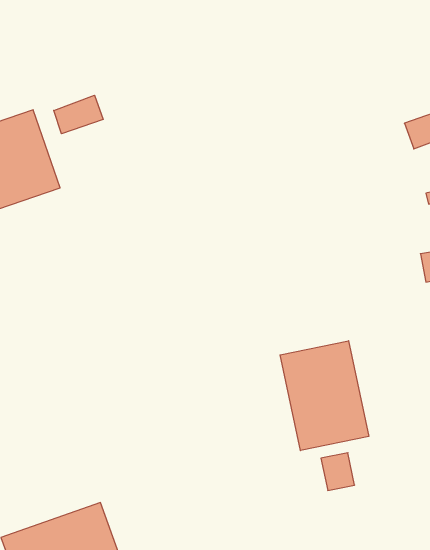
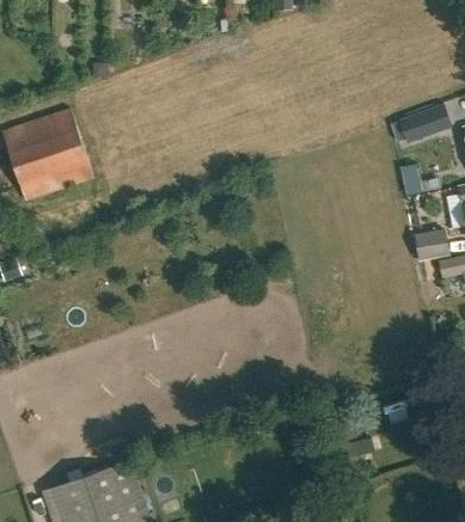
building: [54,95,103,134] -> none
building: [280,341,369,451] -> none

